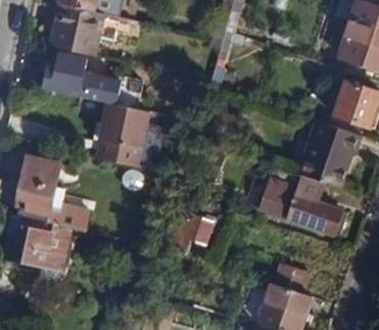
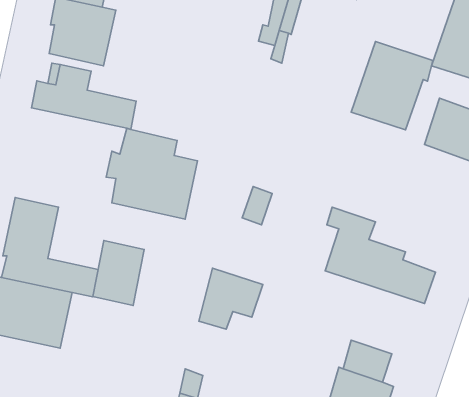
building: [297,121,359,187] -> [351,42,433,130]
building: none -> [93,240,144,305]

